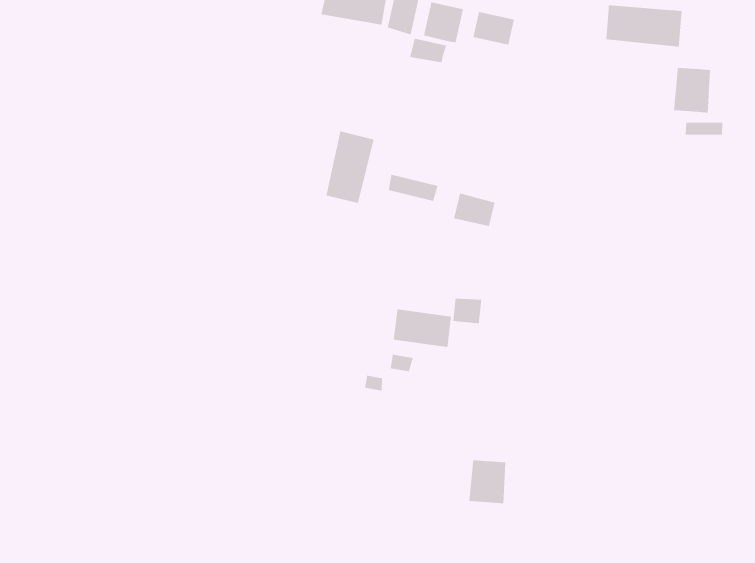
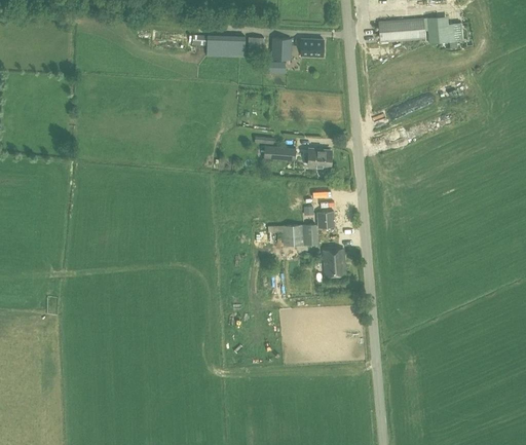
building: [673,67,711,113] -> [427,15,451,44]
building: [326,131,374,204] -> none
building: [469,459,506,504] -> [323,249,346,276]

